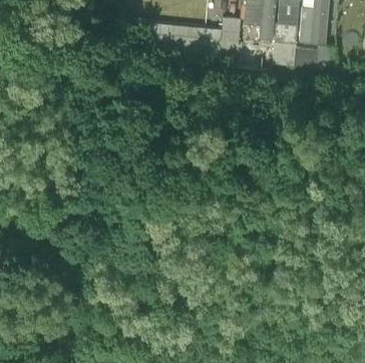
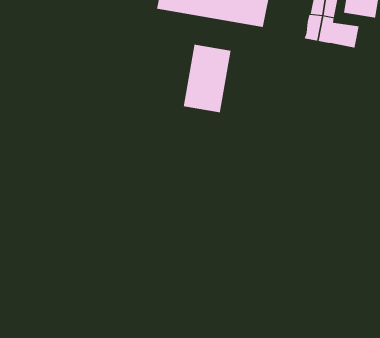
building: none -> [183,44,231,113]

